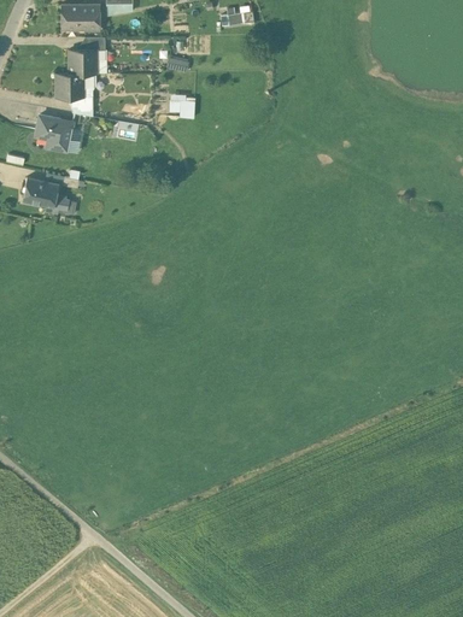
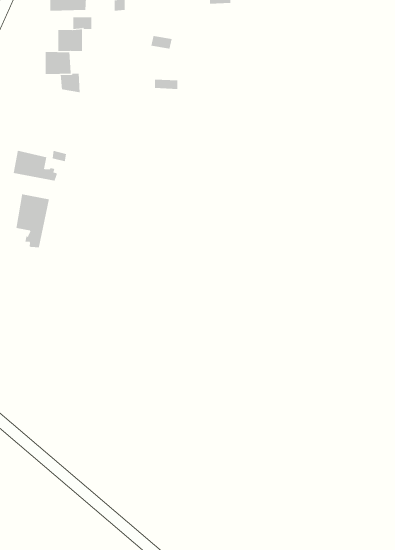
building: [36,116,74,152] -> none
building: none -> [16,193,49,248]

